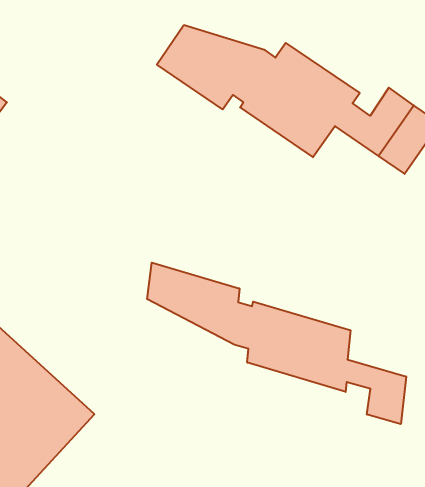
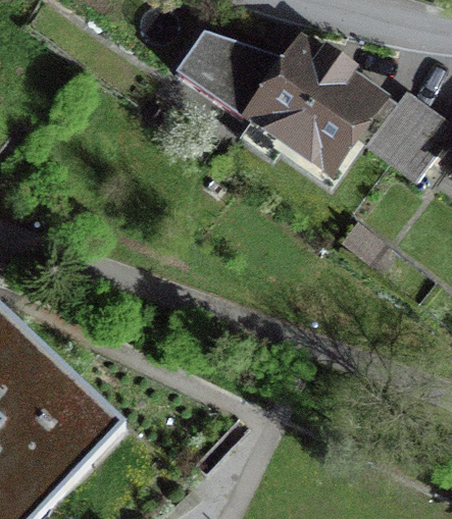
building: [147,263,406,424] -> none

